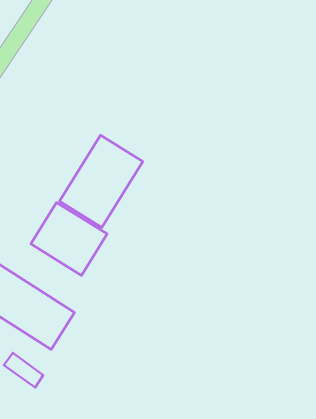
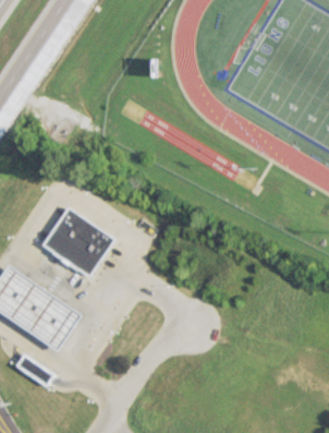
building: [60,135,143,227] -> none

